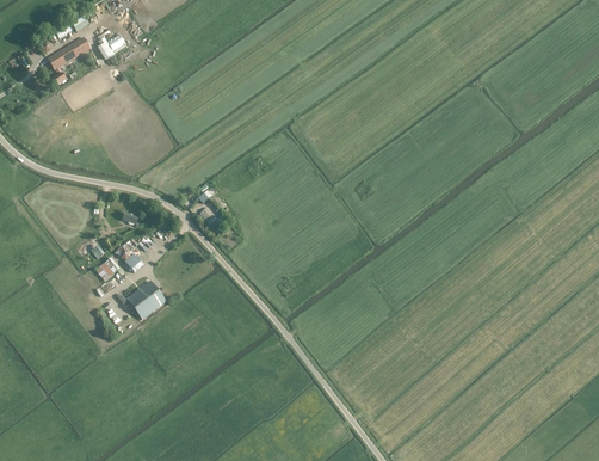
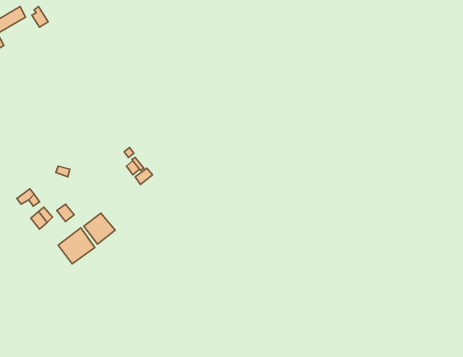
building: none -> [84,213,115,244]

